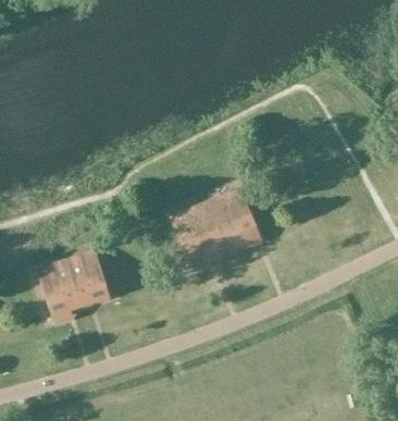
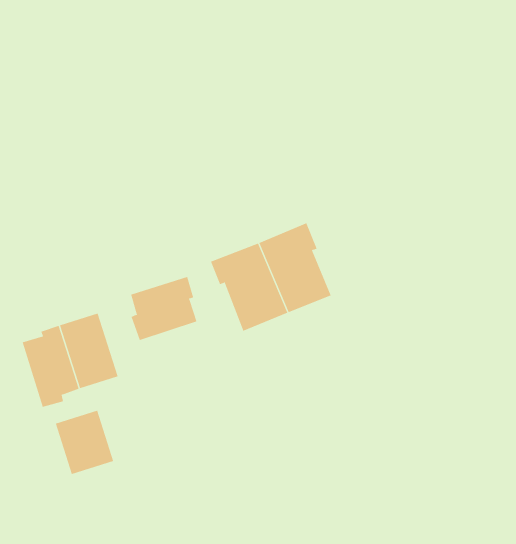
building: none -> [131,276,197,341]
building: none -> [55,410,114,475]

